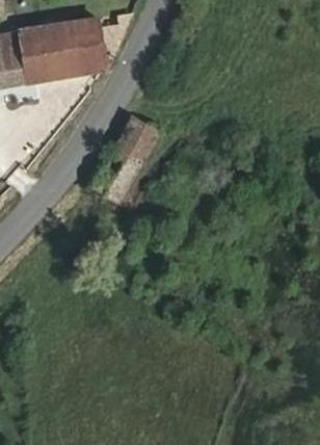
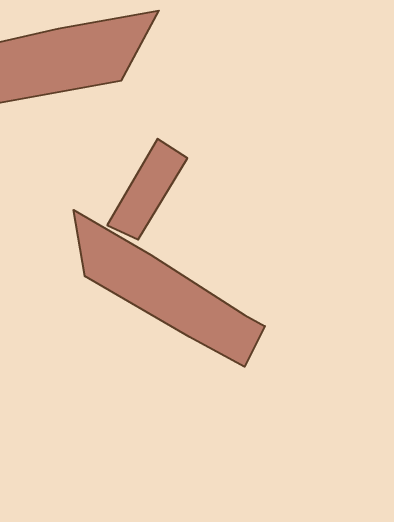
building: none -> [73,210,265,367]

